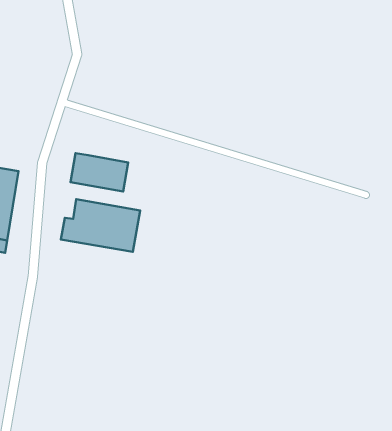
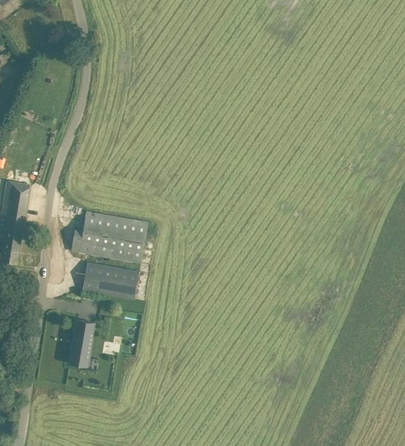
building: [70,153,128,191] -> [81,262,137,299]
building: none -> [68,321,93,367]

